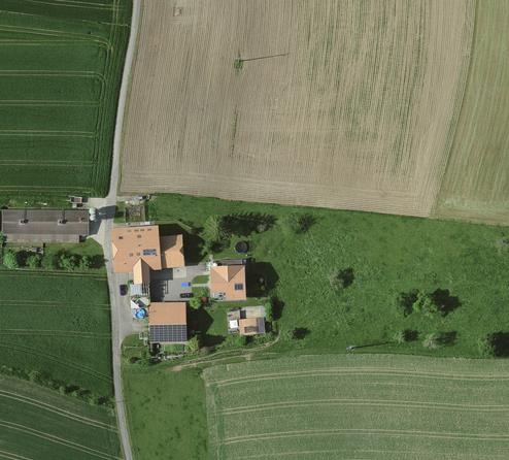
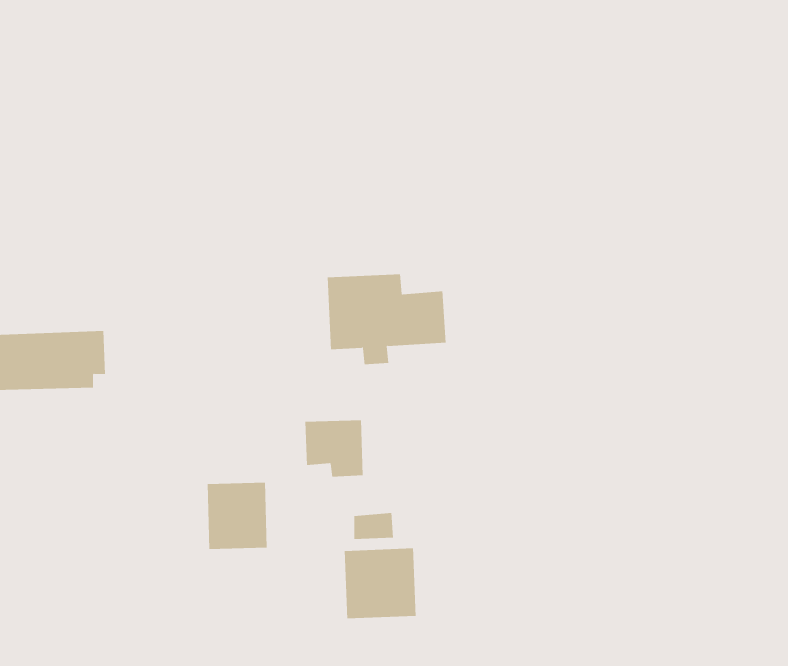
building: [112,224,185,280] -> [327,274,446,365]
building: none -> [344,548,416,619]

